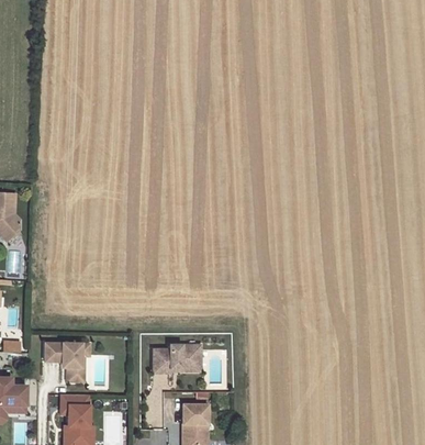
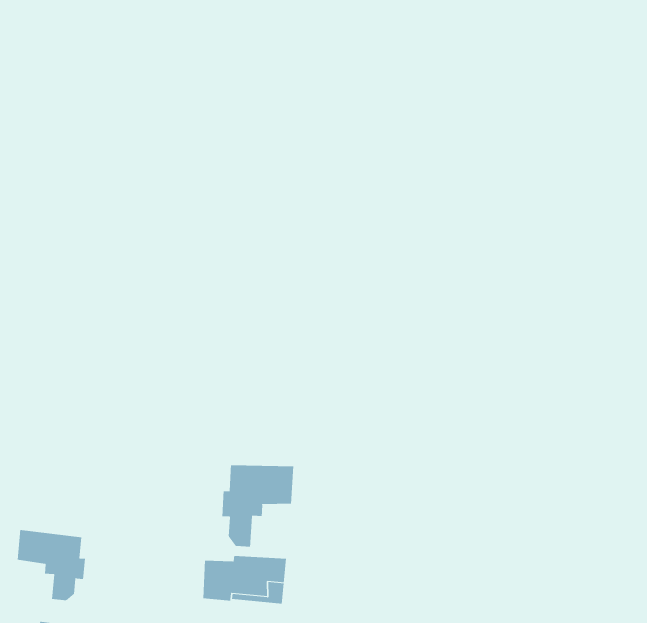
building: none -> [222,464,294,547]

